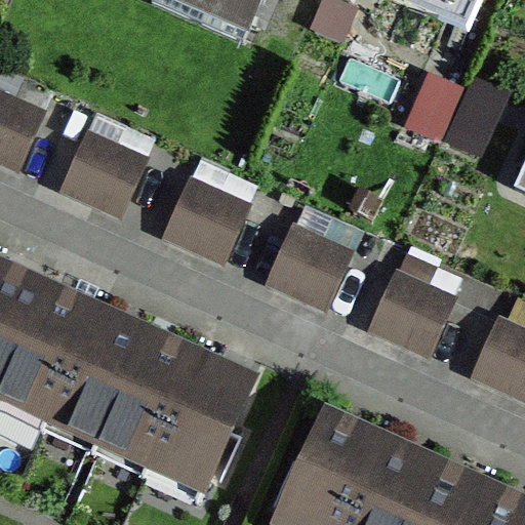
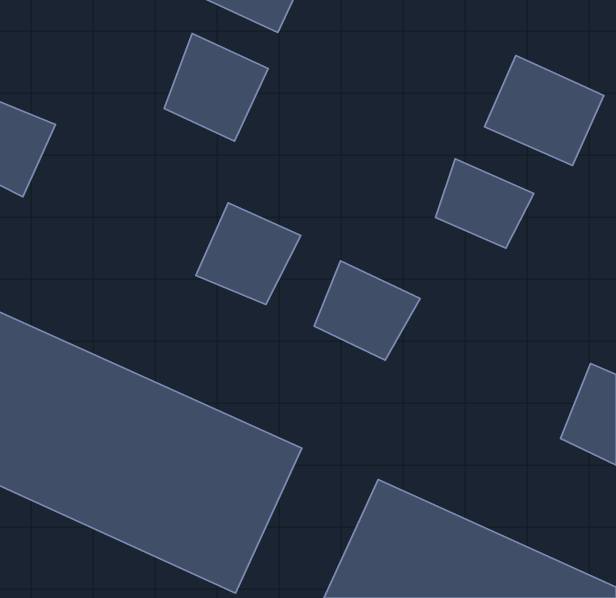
building: [65,123,153,214] -> [164,33,268,141]
building: none -> [435,159,534,248]
building: [367,267,462,353] -> none

